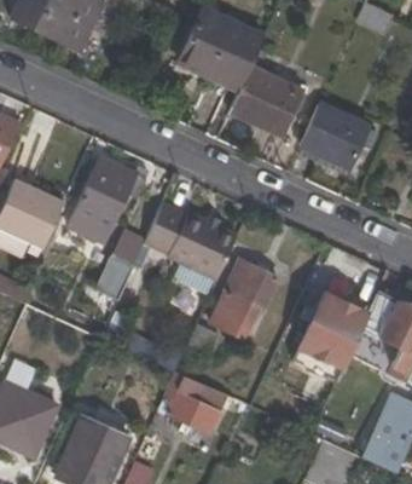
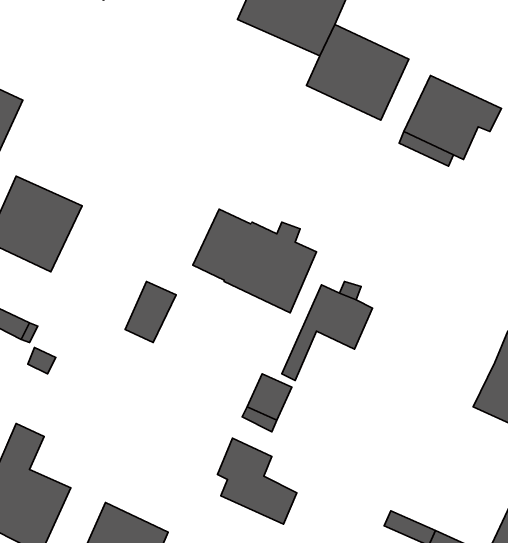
building: [69,156,147,244] -> none
building: [294,264,367,380] -> none
building: [221,292,265,340] -> none

